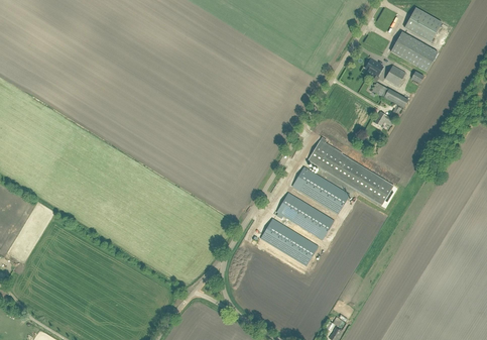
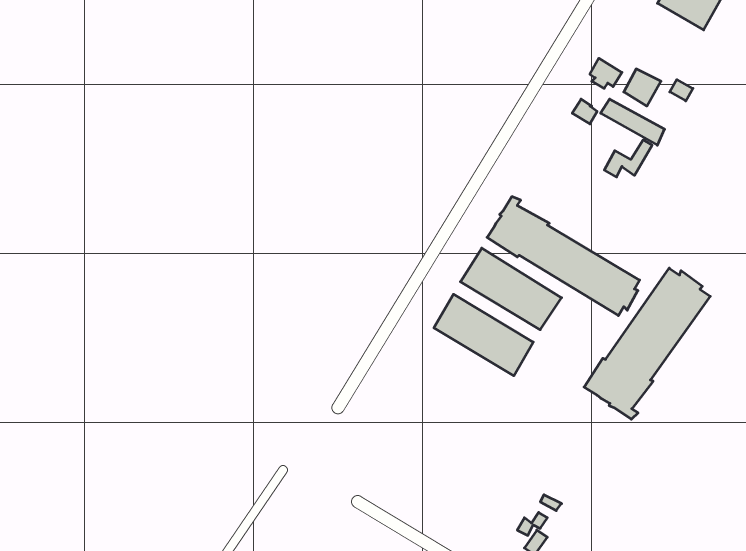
building: [390,31,438,72] -> none
building: none -> [584,268,710,419]
building: [261,218,319,265] -> none

